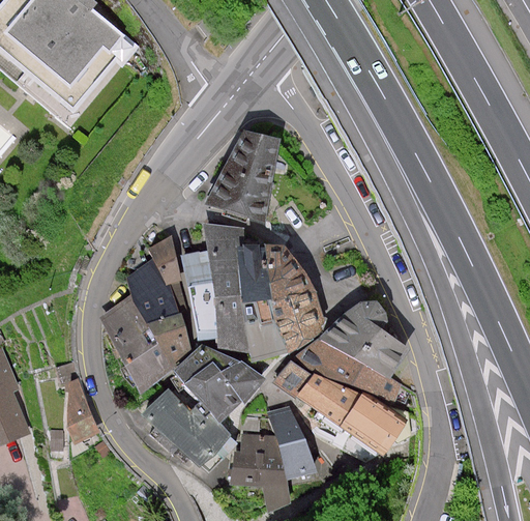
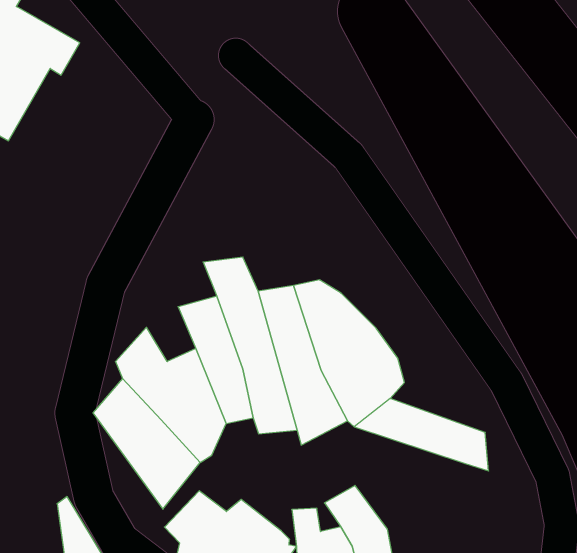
building: [205,129,278,227] -> none
building: [147,232,186,289] -> none
building: [324,312,406,379] -> none
building: [181,341,264,428] -> none
building: [272,359,401,454] -> none

